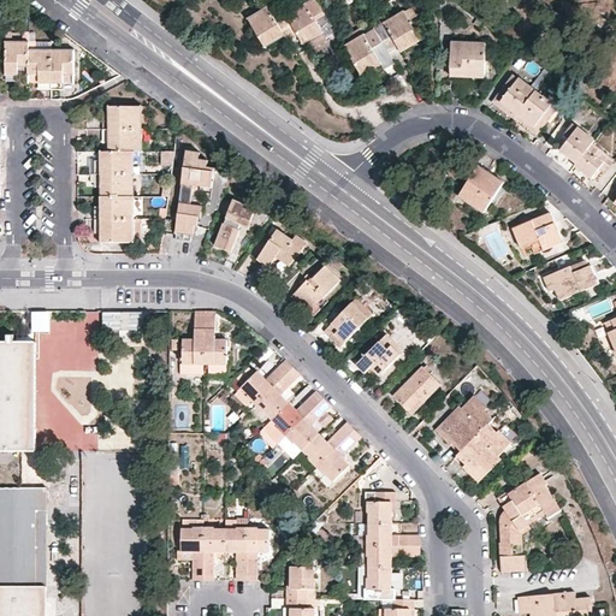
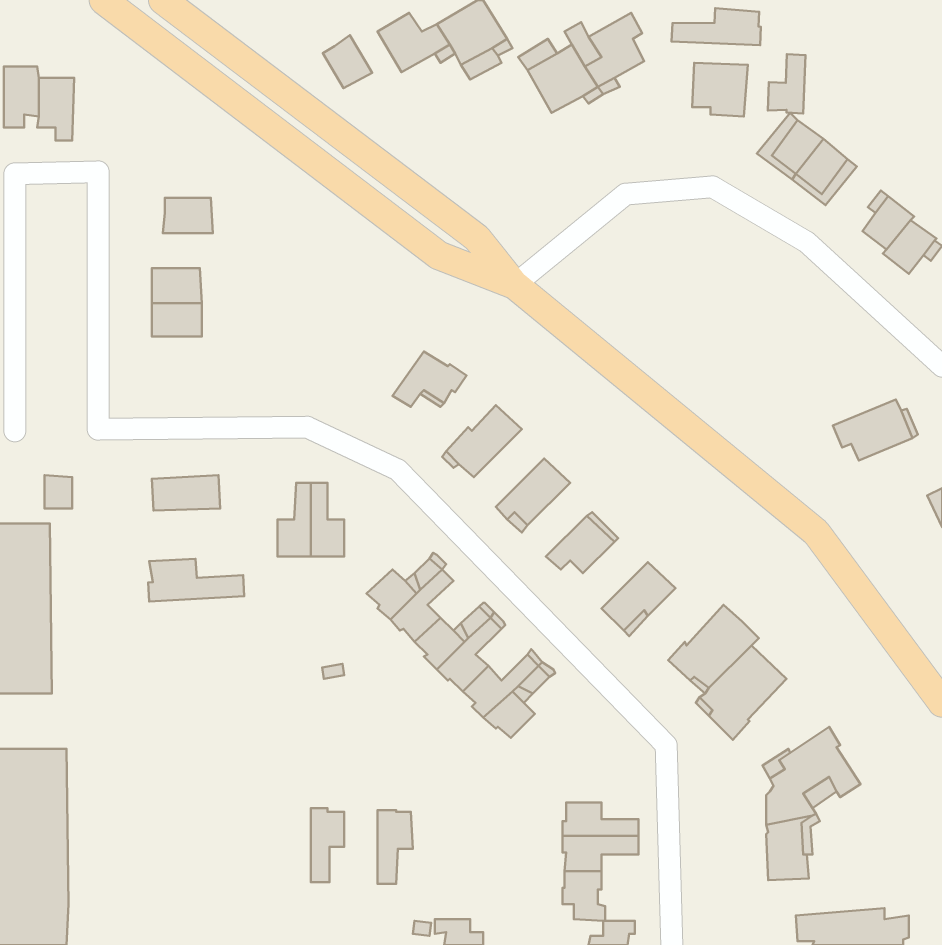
building: none -> [672,8,761,45]
building: none -> [323,35,372,88]
building: none -> [768,54,806,113]
building: [47,51,71,91] -> none
building: [106,107,137,129] -> none
building: [172,149,213,233] -> none
building: [99,152,130,174] -> none
building: [456,165,502,212] -> none
building: [214,199,254,250] -> none
building: [511,215,556,254] -> none
building: [99,219,131,242] -> none
building: none -> [148,559,244,602]
building: [366,492,395,522] -> none
building: [173,525,202,574] -> none
building: [224,526,245,575] -> none
building: [283,565,314,598] -> none

